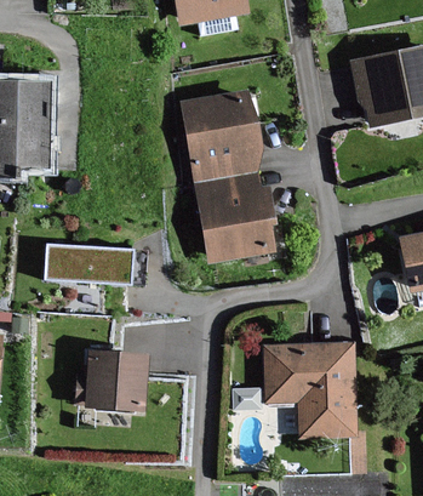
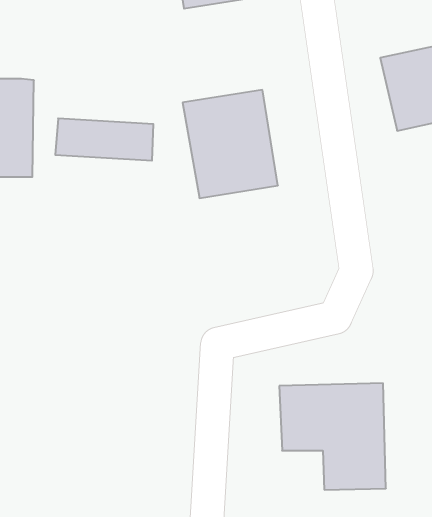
building: [194,172,275,261] -> none
building: [45,244,130,280] -> [55,118,153,161]
building: [75,349,147,410] -> none

